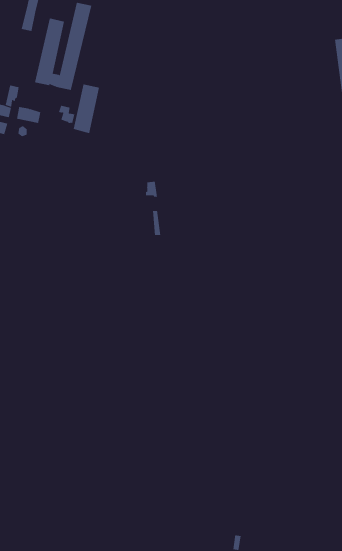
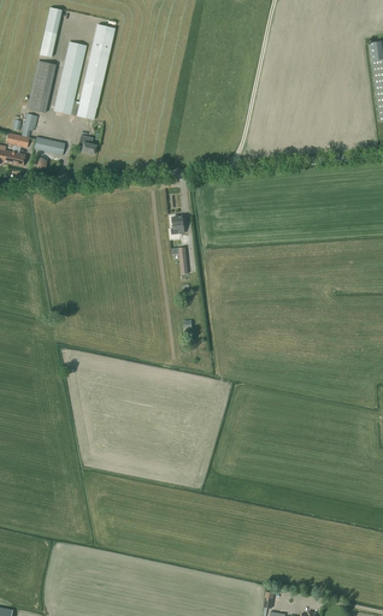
building: [73,84,100,134] -> [26,60,55,113]

